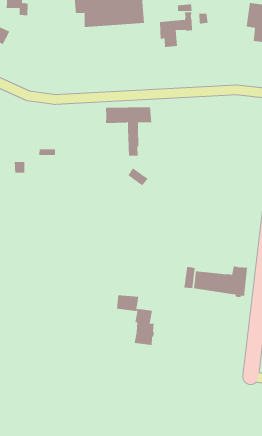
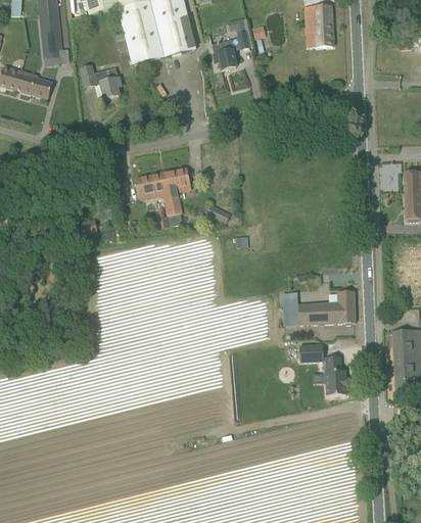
building: none -> [80,64,121,98]
building: [105,107,152,156] -> [137,168,190,225]
building: [116,295,155,346] -> [299,343,346,394]

